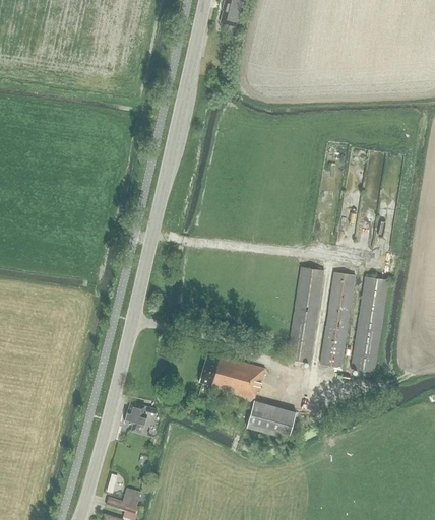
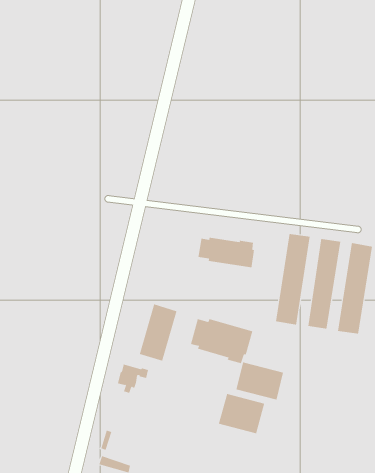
building: none -> [198,237,255,268]
building: none -> [139,304,177,362]
building: none -> [218,393,265,434]

